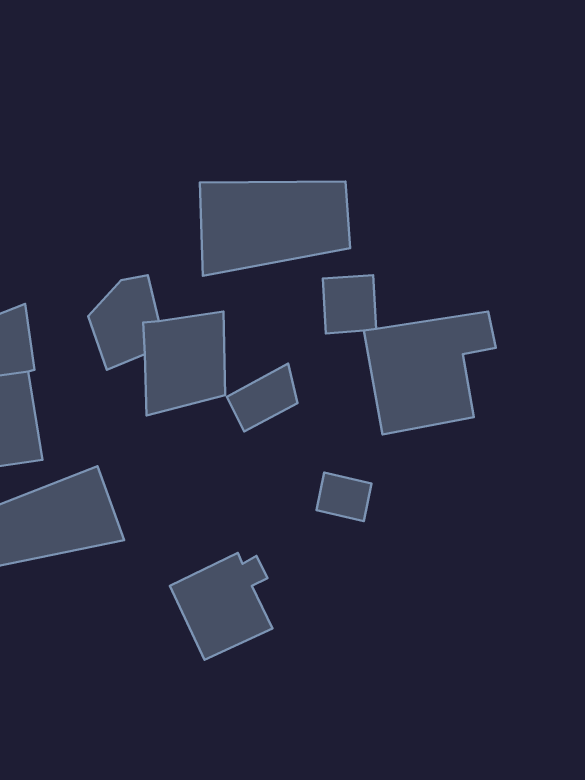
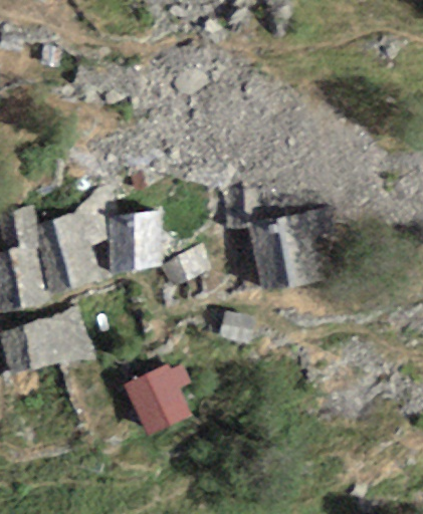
building: [200,181,350,276] -> none
building: none -> [38,213,97,295]

